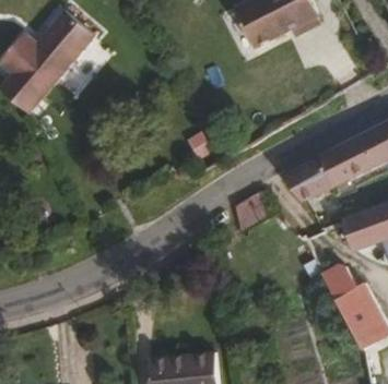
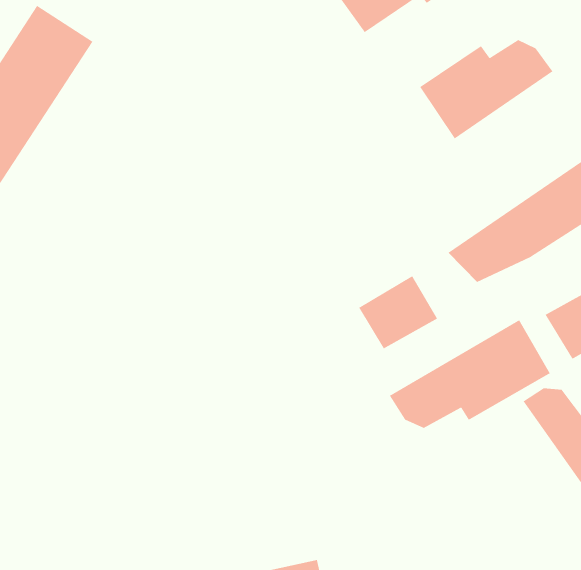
building: none -> [419,39,554,139]
building: none -> [389,319,551,429]

